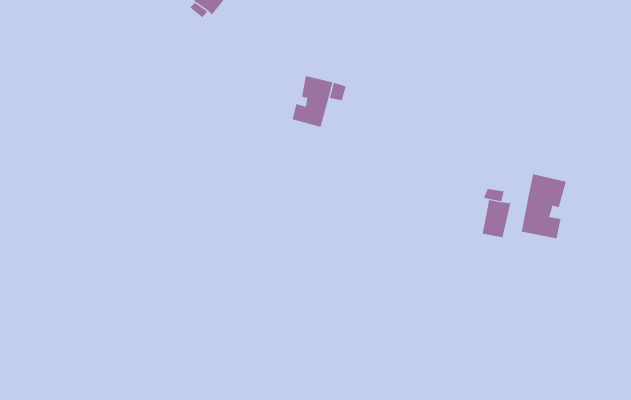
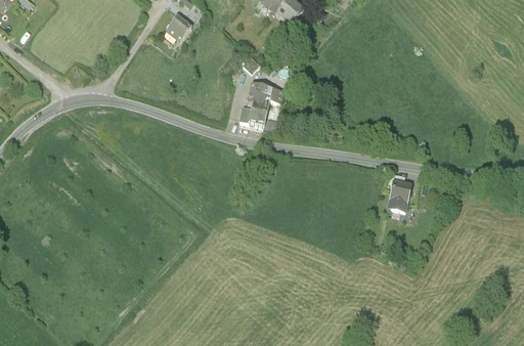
building: [521,174,566,239] -> none

